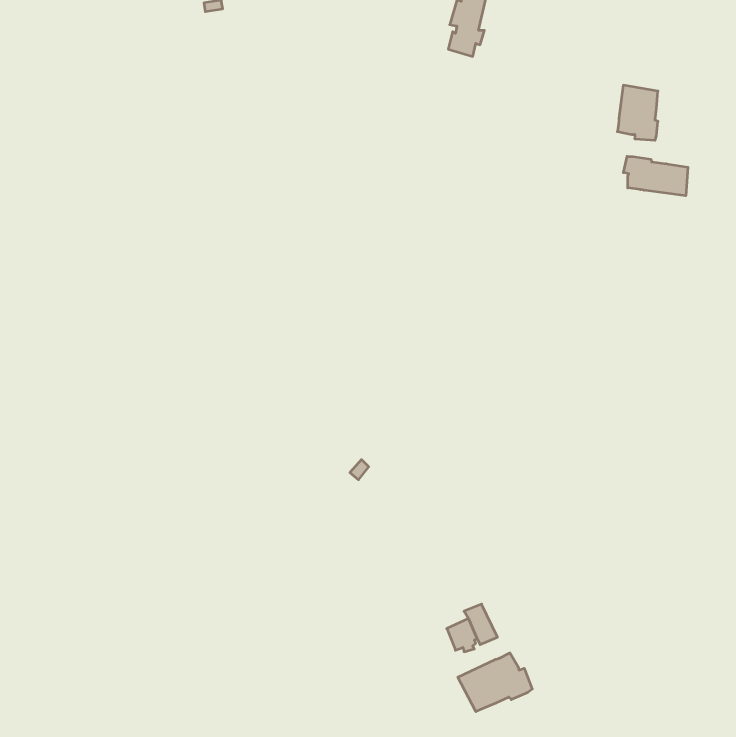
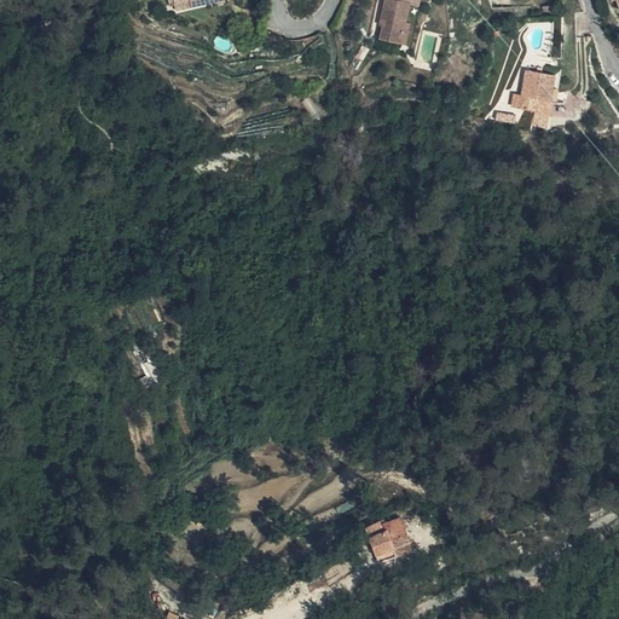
building: [623,156,688,196] -> none
building: [458,653,532,712] -> none

